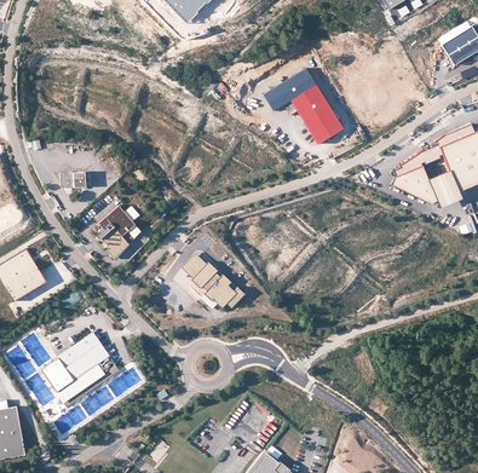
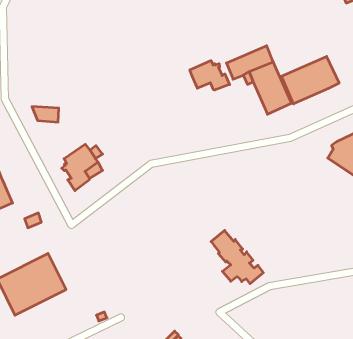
building: none -> [282,56,339,104]
building: none -> [190,61,230,90]
building: [183,252,246,307] -> [211,230,263,284]

